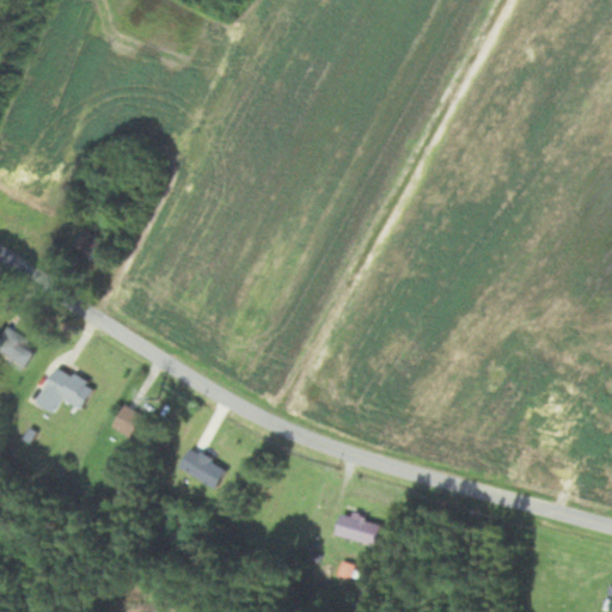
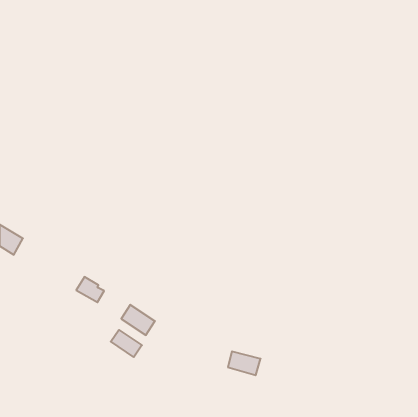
building: [31,362,92,412] -> none
building: none -> [111,330,142,357]

